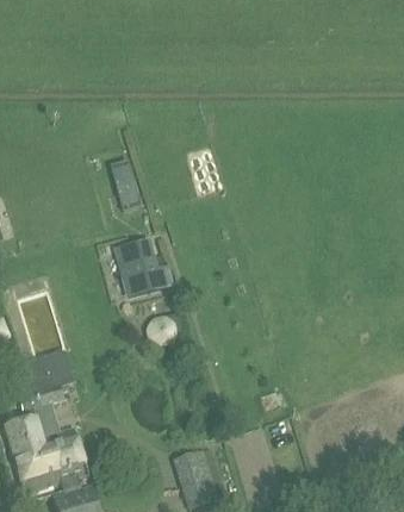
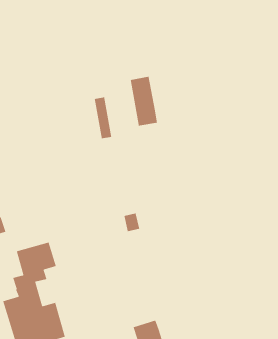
building: none -> [130,76,158,127]
building: [114,239,175,299] -> none

